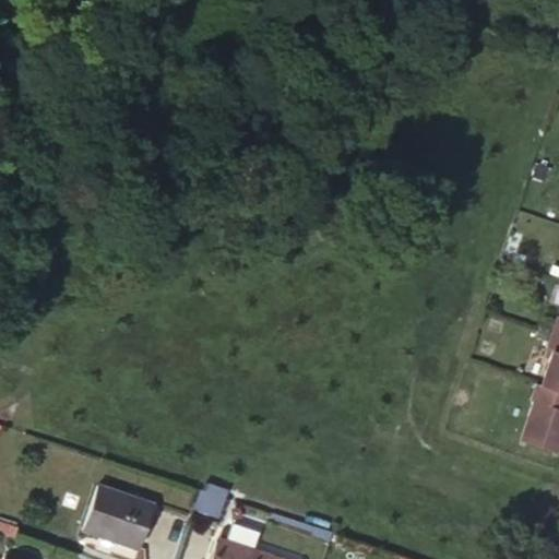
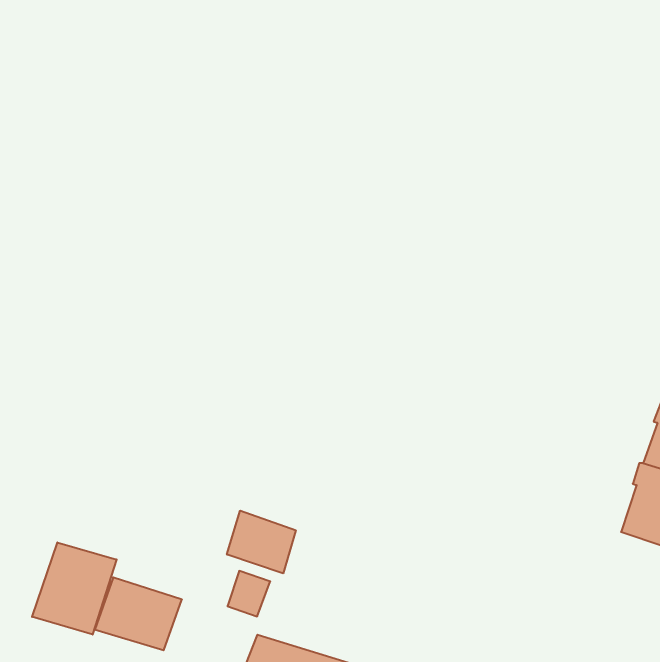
building: none -> [227,511,296,573]
building: none -> [32,542,117,635]

